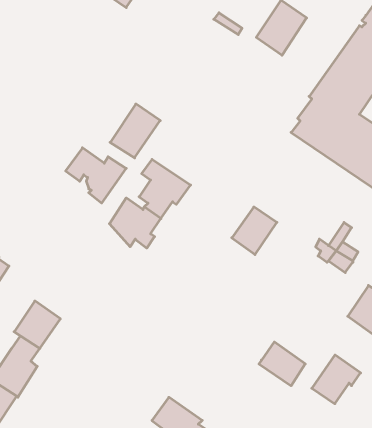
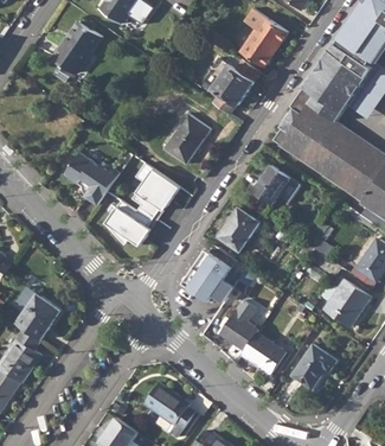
building: none -> [52,23,102,74]
building: none -> [213,60,258,114]
building: [110,104,160,158] -> [163,114,210,164]
building: none -> [254,165,289,203]
building: none -> [182,244,248,302]
building: none -> [220,300,258,349]

